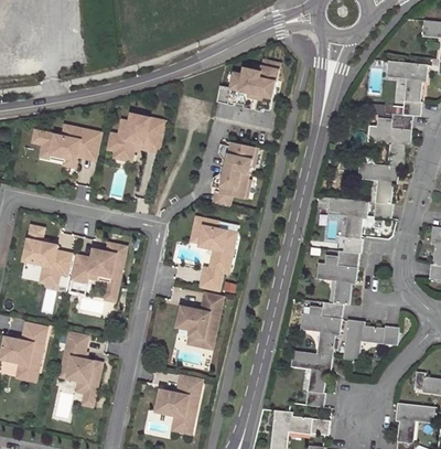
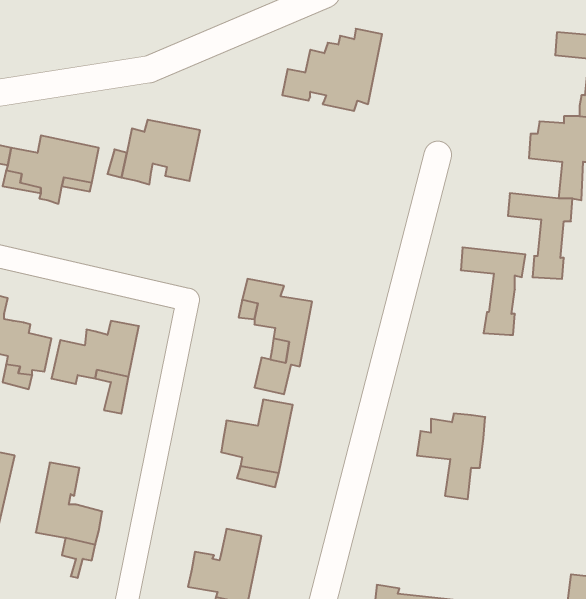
building: [209,140,258,205] -> none
building: [318,249,359,304] -> none
building: [344,319,400,360] -> none
building: [292,350,333,406] -> none

